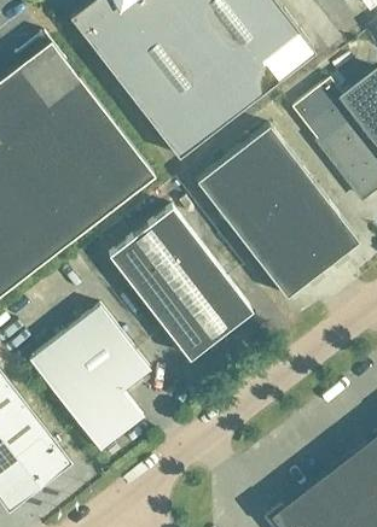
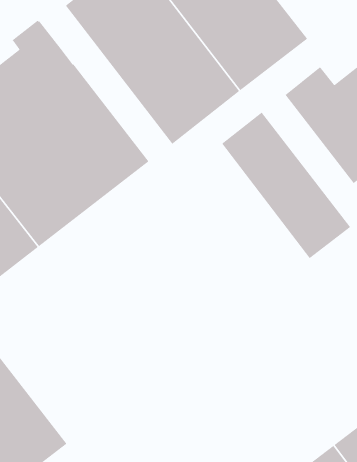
building: [196,158,317,298] -> none
building: [108,207,249,356] -> none
building: [28,305,149,451] -> none

